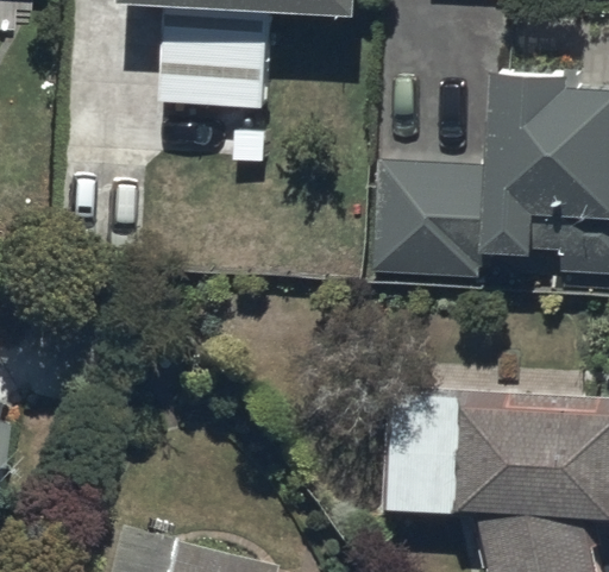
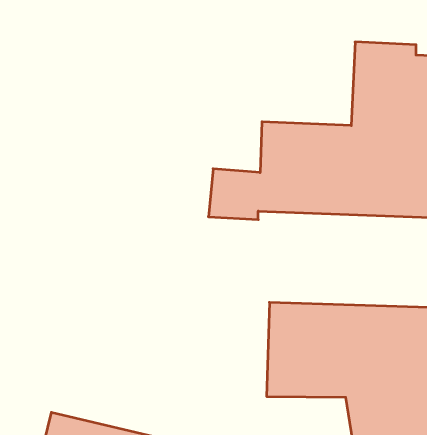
building: [163,27,272,107] -> none

